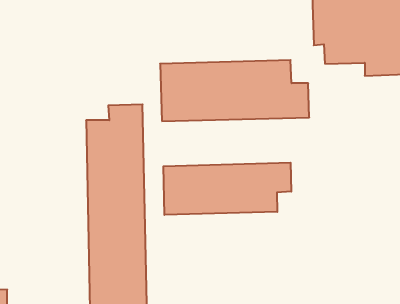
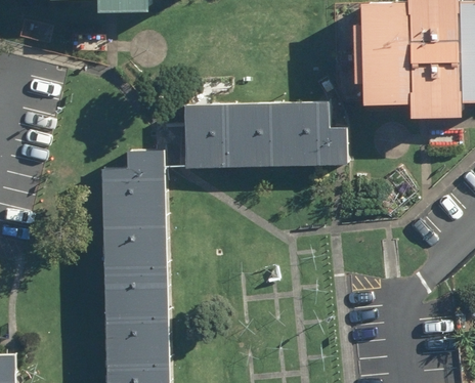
building: [163,163,291,215] -> none

